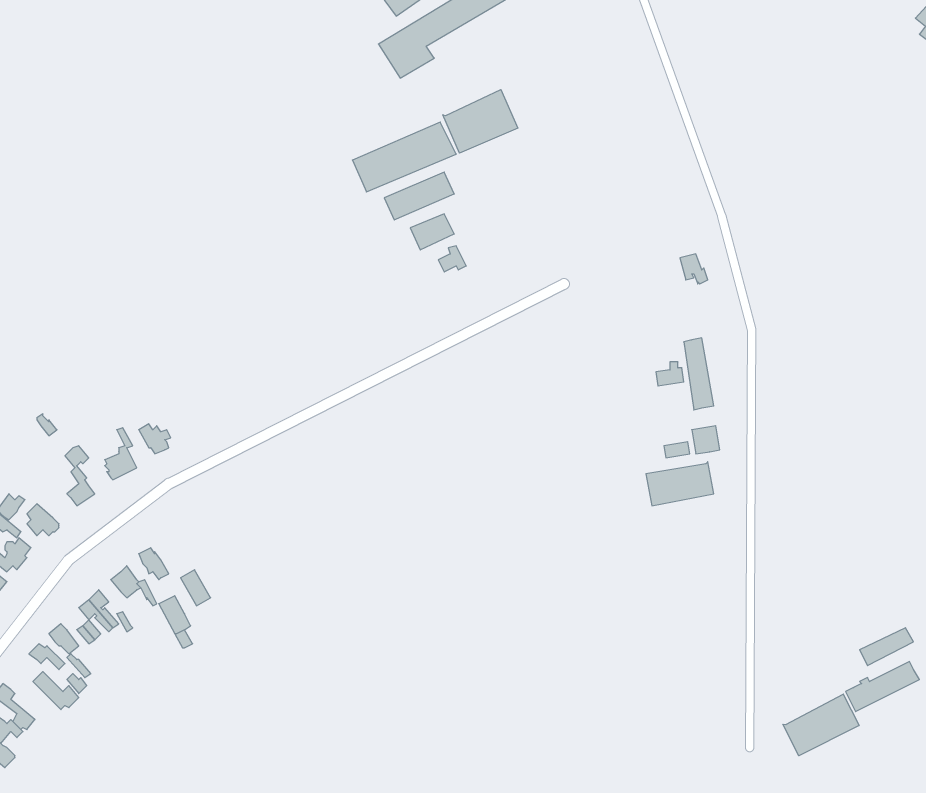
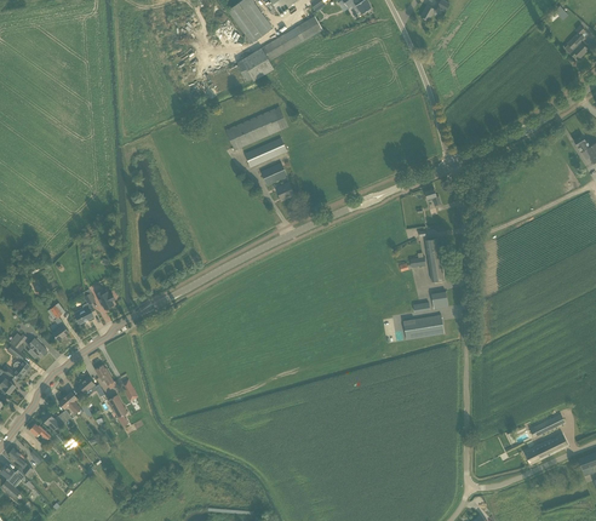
building: [443,90,518,153] -> none
building: [783,694,859,756] -> none

